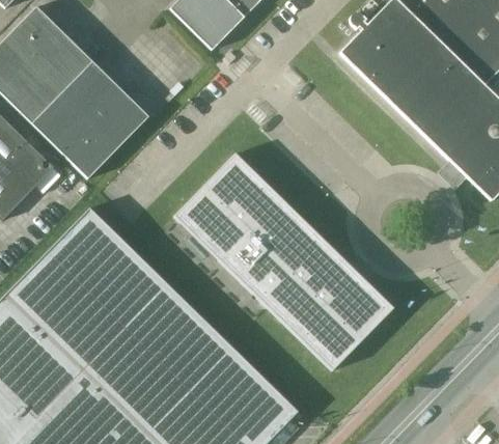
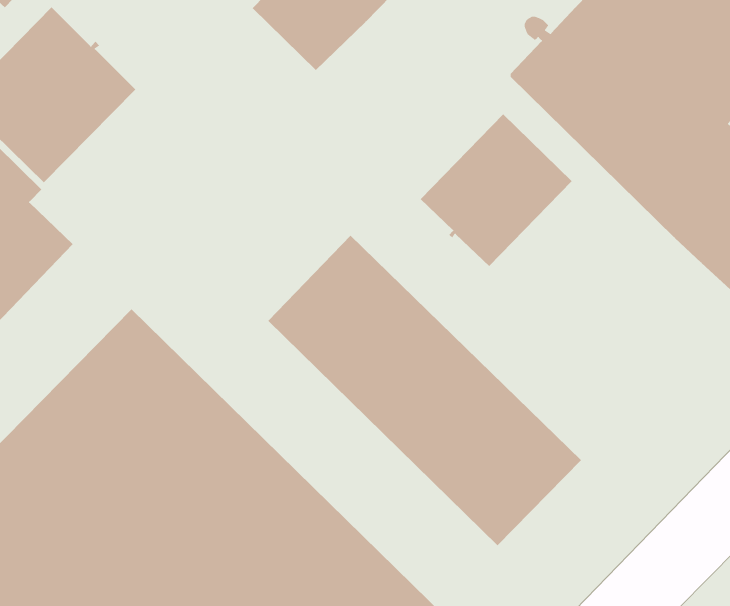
building: [32,63,150,181] -> none
building: none -> [420,114,573,267]

